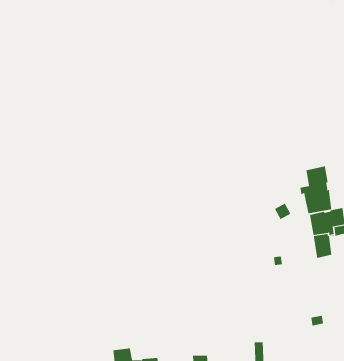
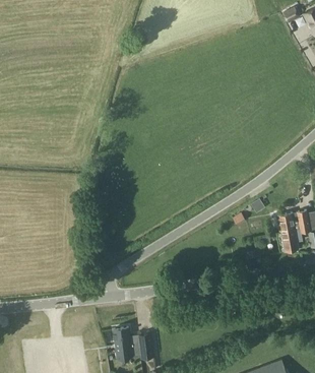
building: [300,165,332,214] -> none

